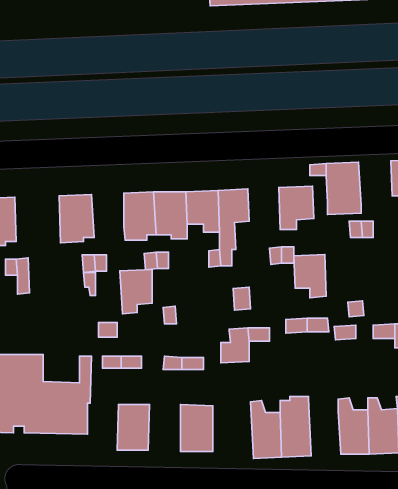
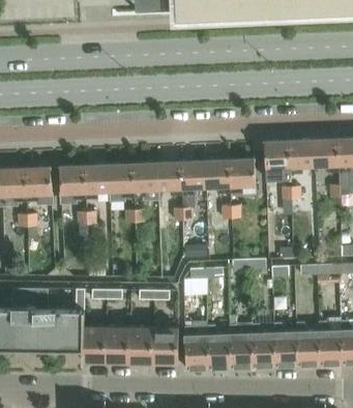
building: none -> [289,139,315,173]
building: none -> [25,167,51,203]
building: [294,255,326,298] -> [204,159,229,193]
building: [120,270,152,314] -> [84,164,109,198]
building: none -> [183,317,208,369]
building: none -> [251,322,275,366]
building: none -> [81,325,105,361]
building: none -> [127,326,152,362]

